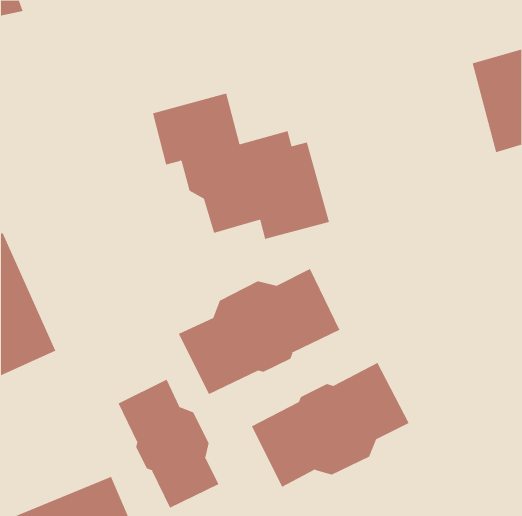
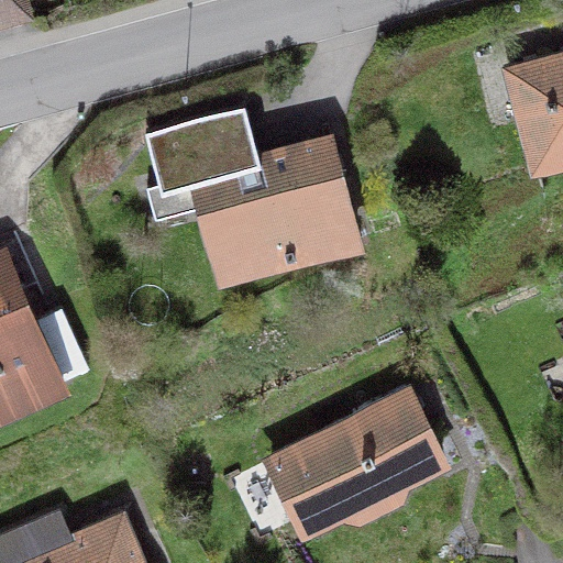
building: [178,268,340,395] -> none
building: [118,379,219,508] -> none

